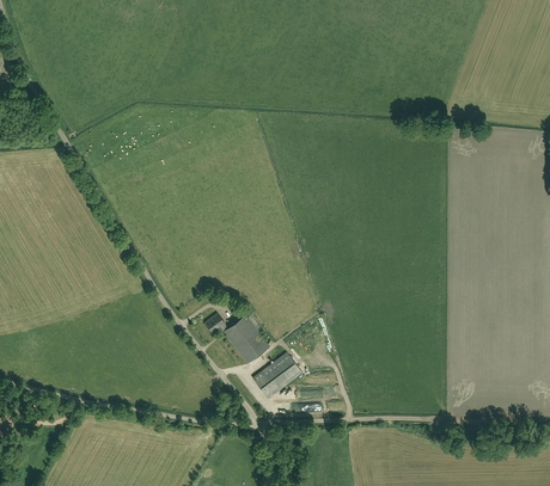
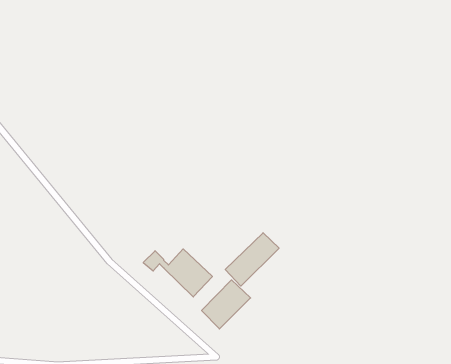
building: none -> [225,233,279,286]

